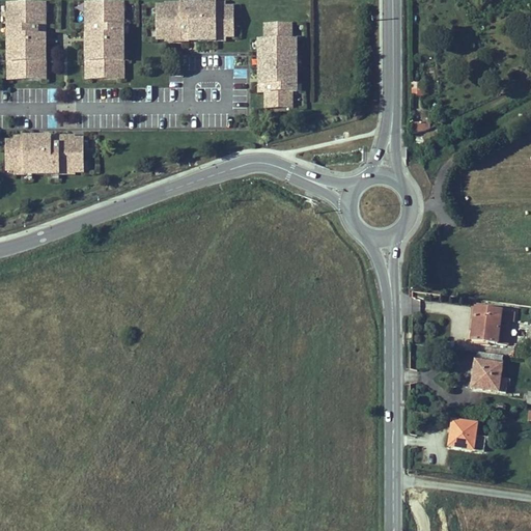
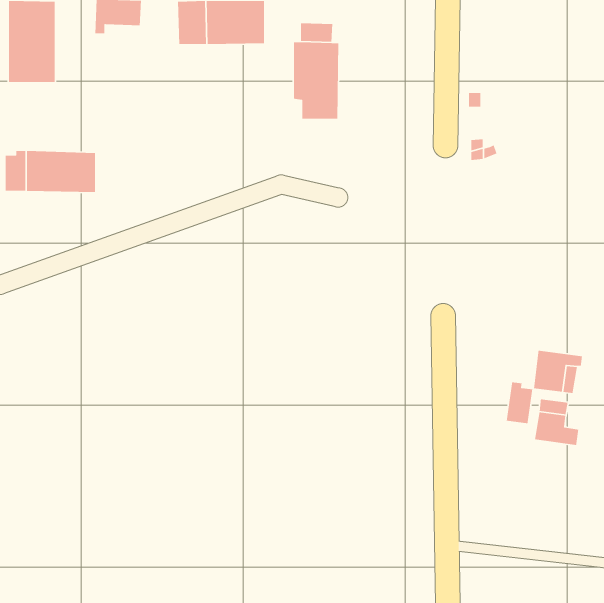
building: [83,22,123,79] -> none
building: none -> [506,381,533,424]
building: [448,421,481,451] -> none

